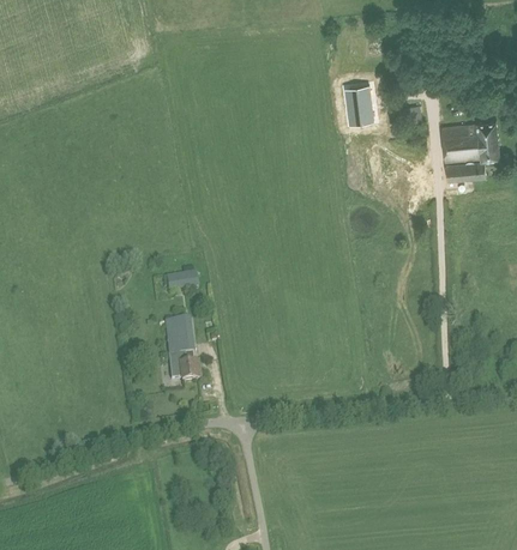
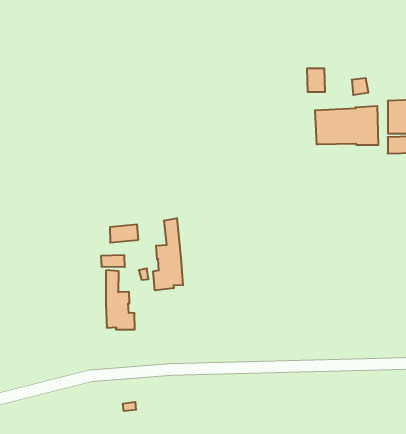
building: none -> [315,106,378,145]
building: none -> [153,218,183,290]

